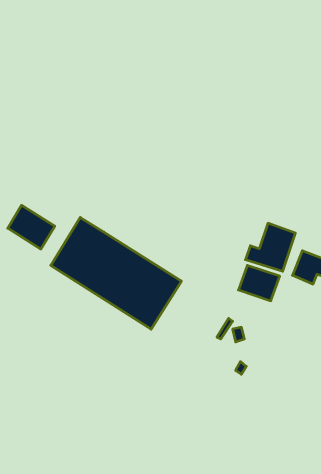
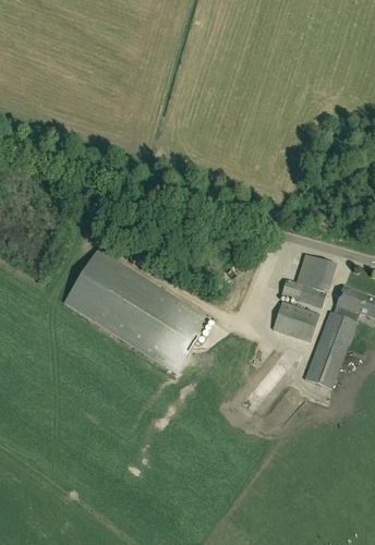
building: [8,205,55,249] -> none
building: none -> [304,312,355,389]

